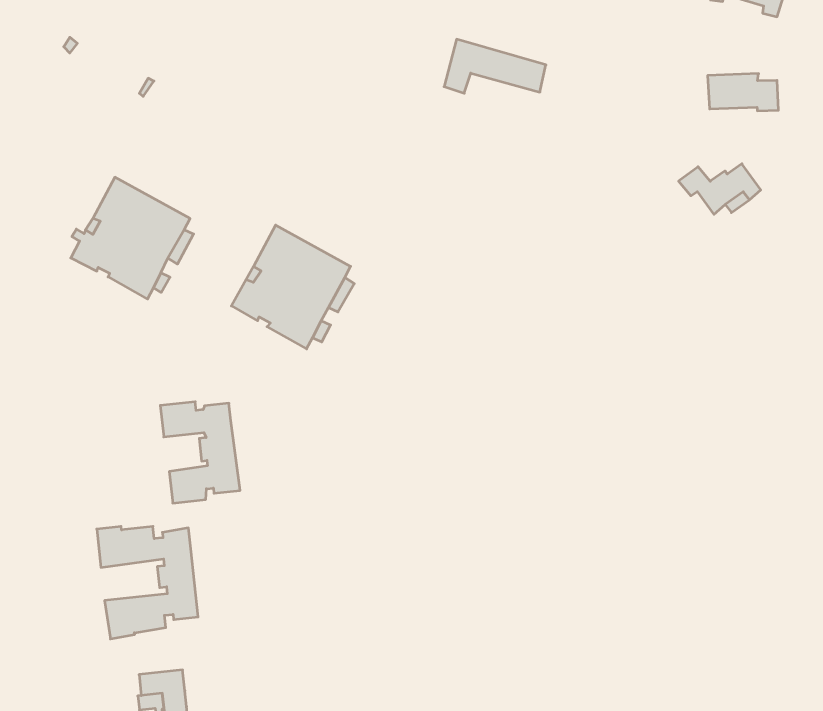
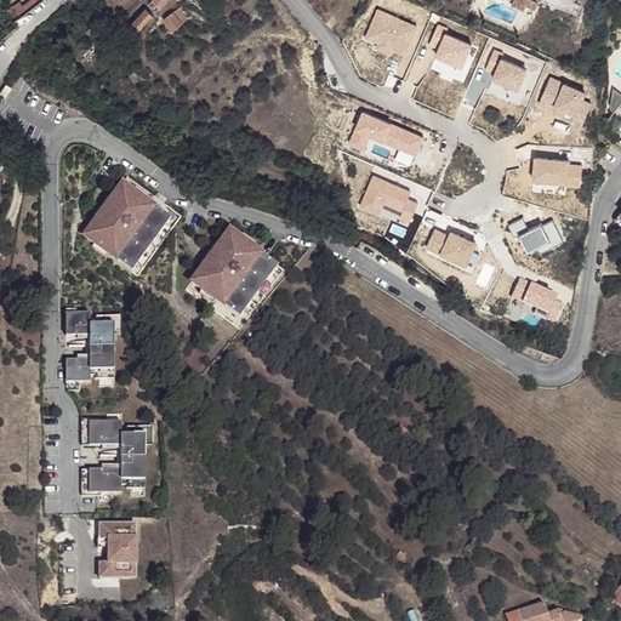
building: none -> [363,175,421,221]
building: none -> [429,228,479,264]
building: none -> [514,279,565,321]
building: [160,402,240,503] -> [63,312,112,380]

